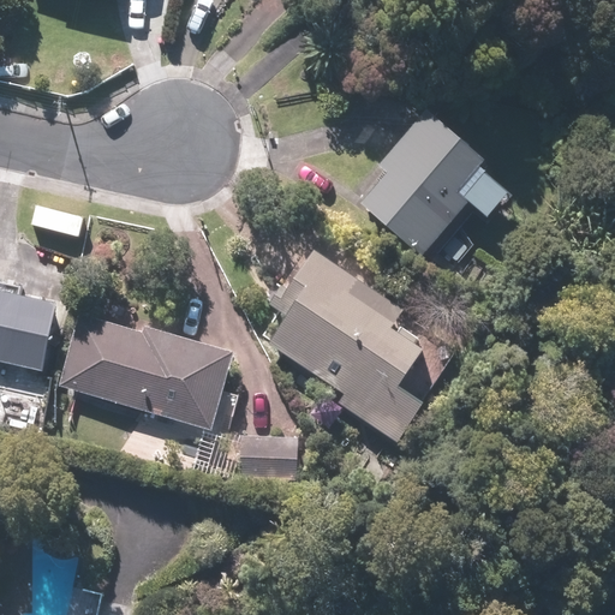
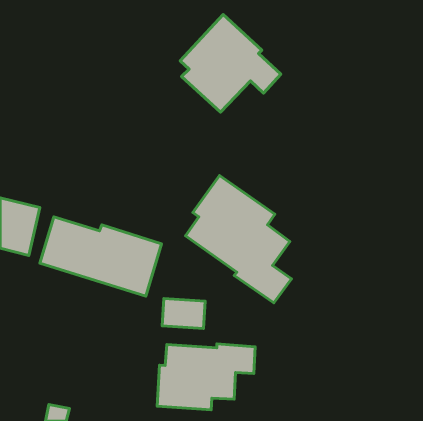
building: [364,112,510,253] -> [180,15,281,112]
building: none -> [157,344,255,410]

